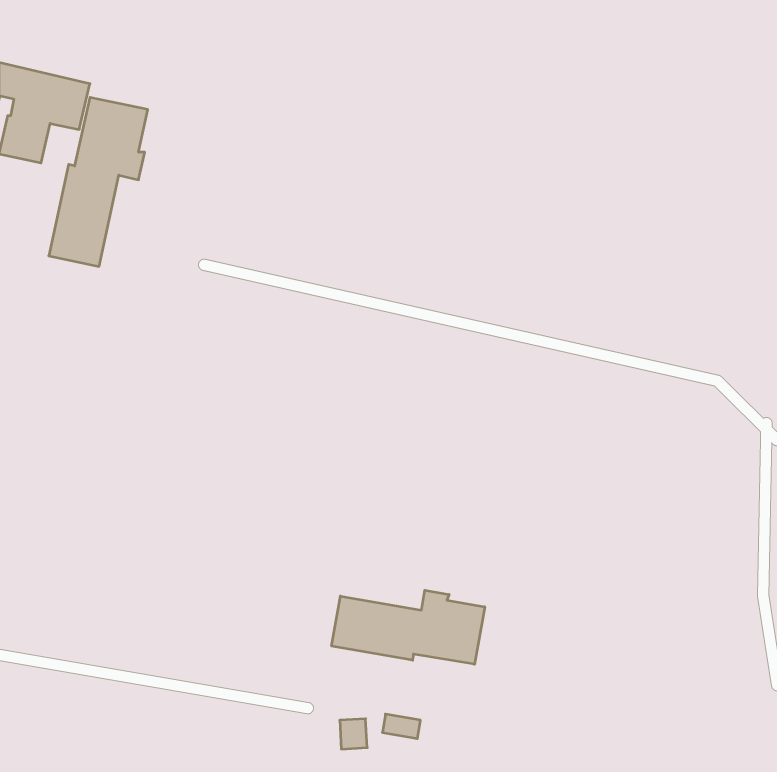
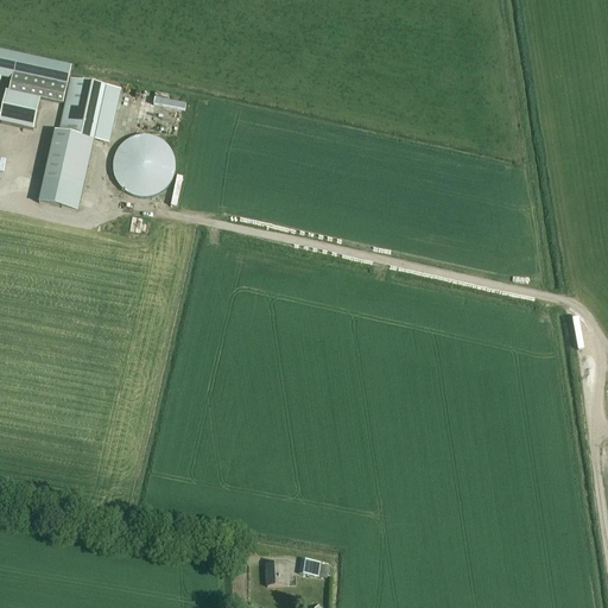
building: none -> [112,134,173,196]
building: [332,590,485,664] -> none

